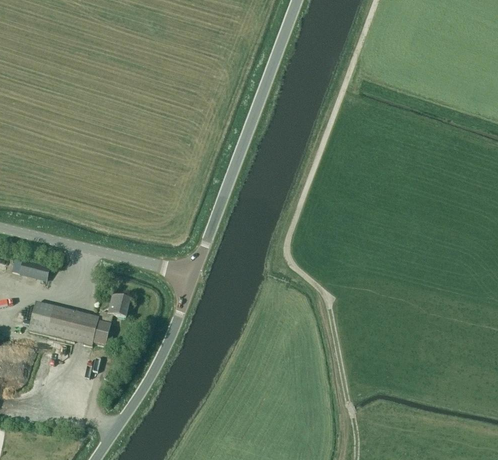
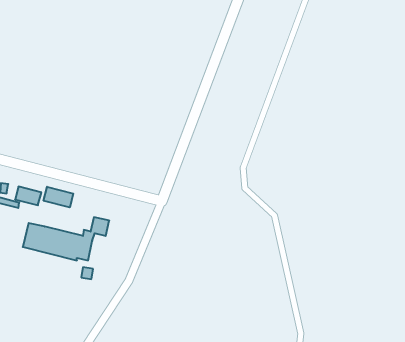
building: none -> [44,187,73,207]

